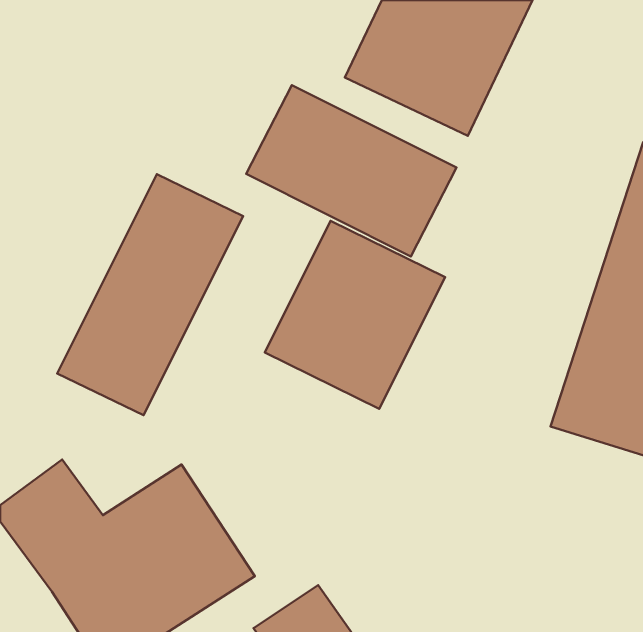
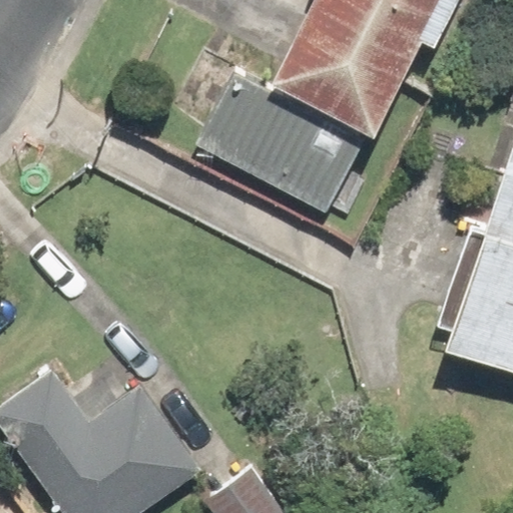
building: [57,174,243,415] -> none
building: [265,221,445,409] -> none

